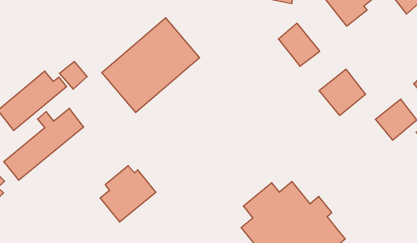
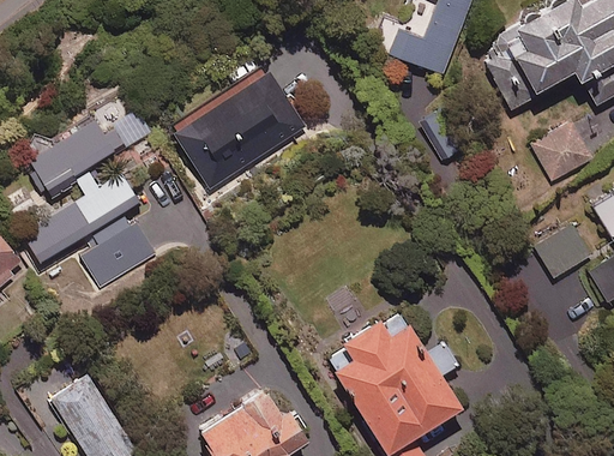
building: [319,69,366,115] -> [530,121,592,182]
building: [100,166,156,222] -> [80,217,157,292]

